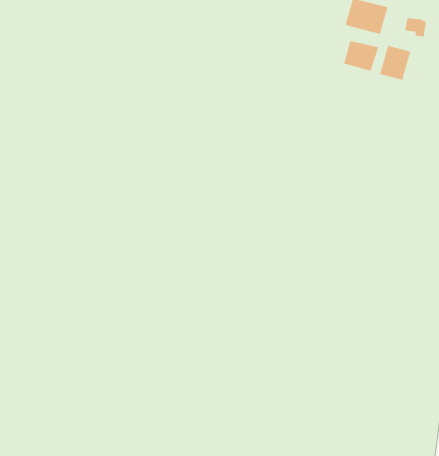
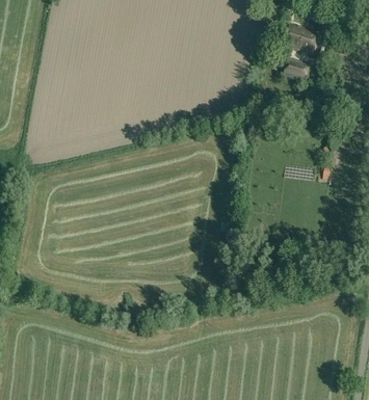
building: [379,45,411,81] -> none

